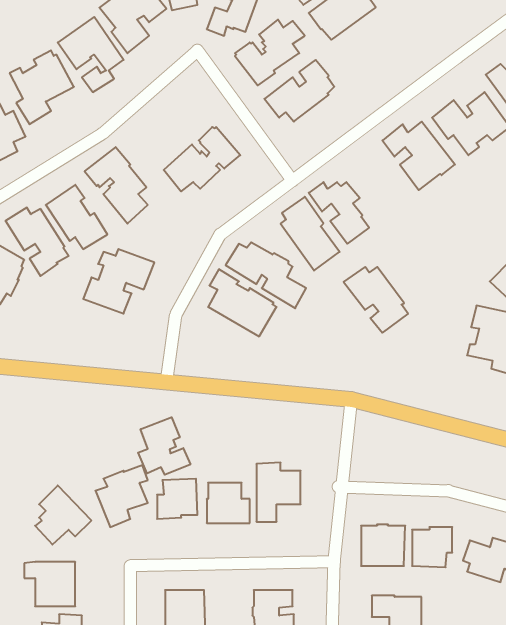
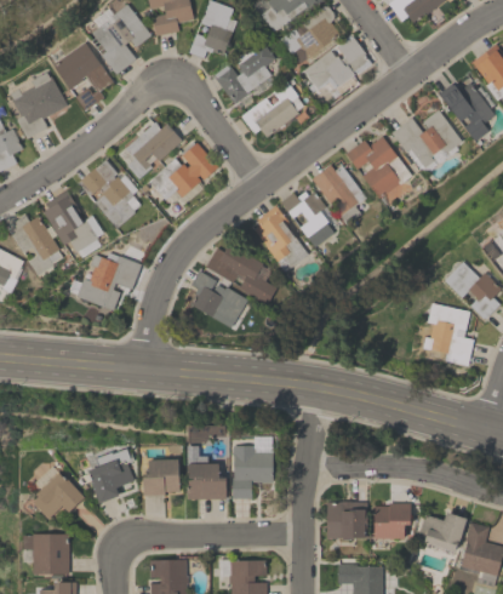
building: none -> [303,35,372,91]
building: none -> [125,121,182,179]
building: [344,267,408,333] -> [311,165,370,224]
building: [138,417,190,475] -> none

